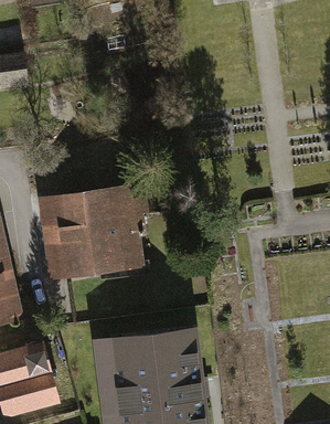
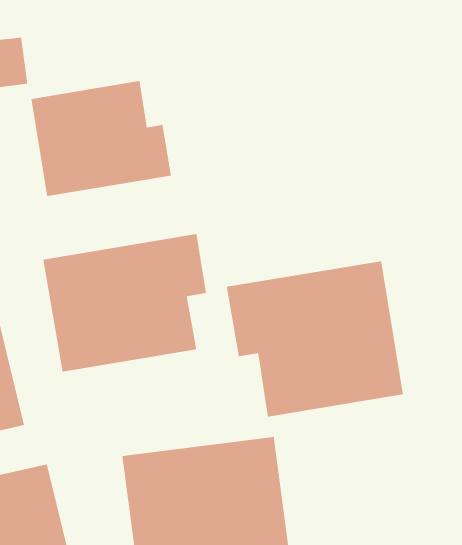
building: none -> [31,80,172,197]
building: none -> [226,260,404,417]

